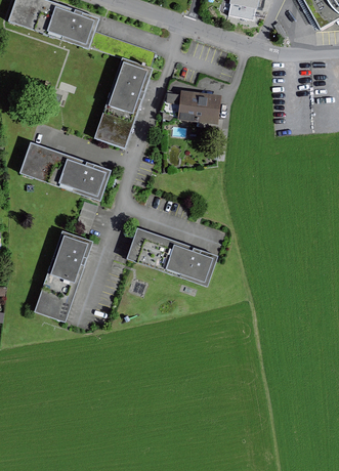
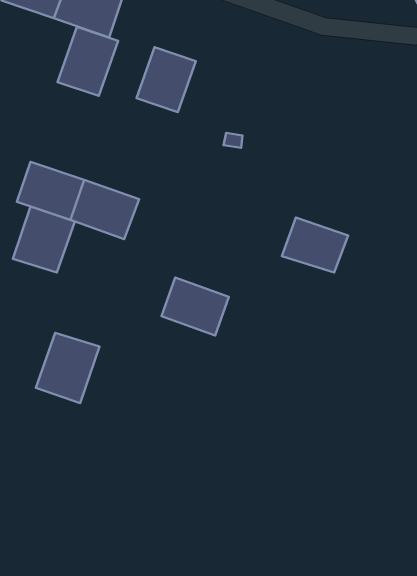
building: [179,91,219,123] -> none
building: [94,95,139,146] -> [58,27,118,96]
building: [48,230,94,280] -> [13,206,75,273]
building: [167,243,216,284] -> [282,217,348,273]

